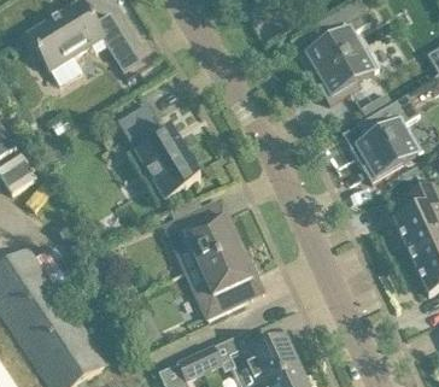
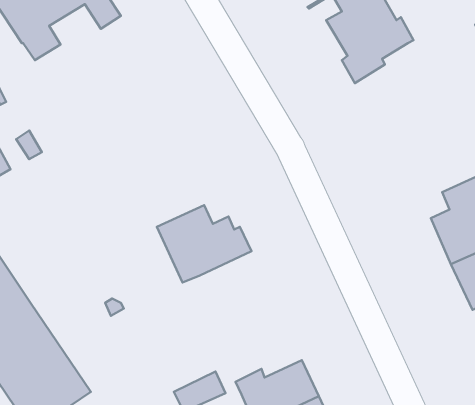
building: [341,92,423,182] -> none
building: [117,102,200,200] -> none
building: [192,245,252,317] -> none

